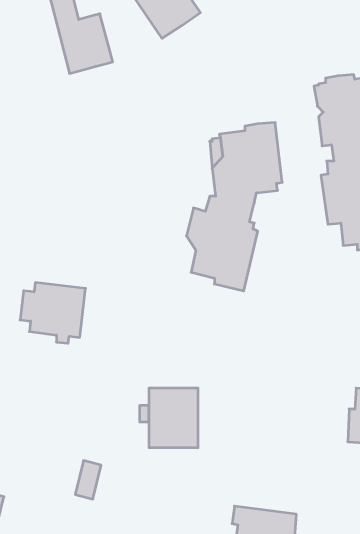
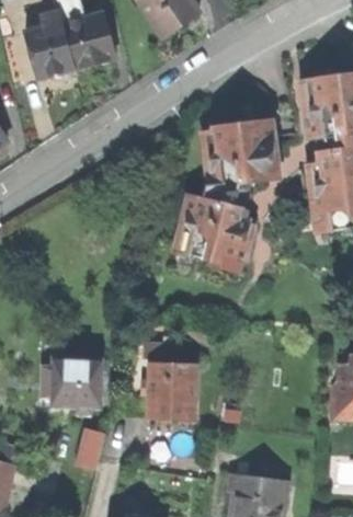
building: none -> [24,14,73,79]
building: [20,283,86,343] -> [43,354,104,411]

